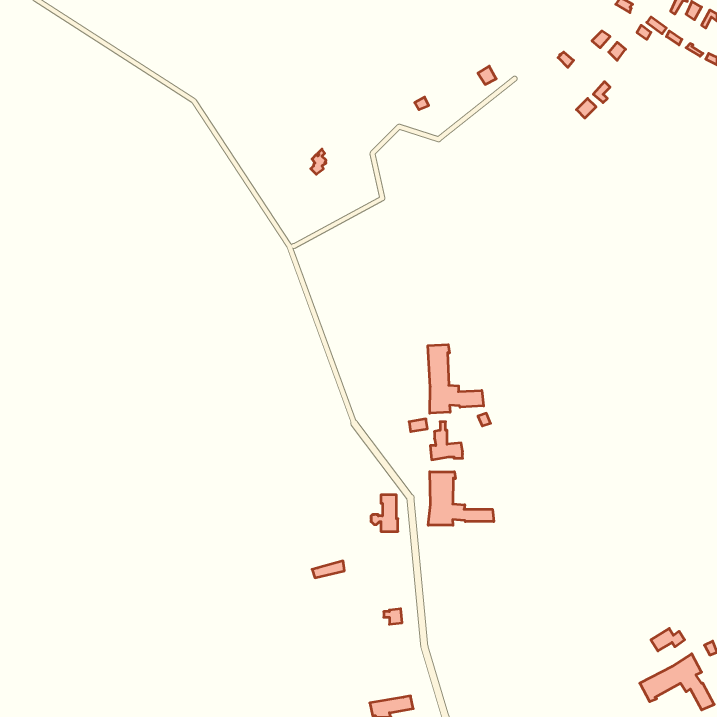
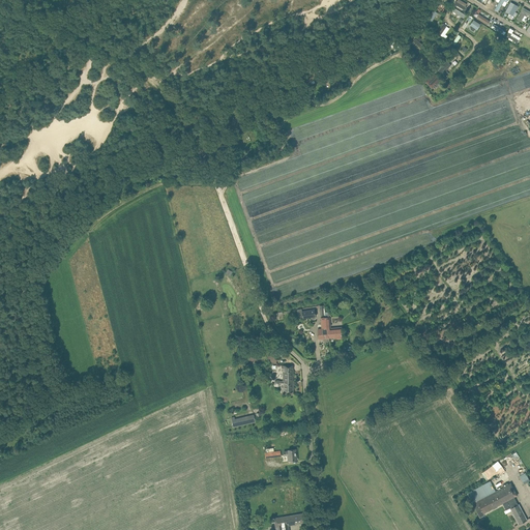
building: [428,345,484,413] -> none
building: [428,472,494,525] -> none

